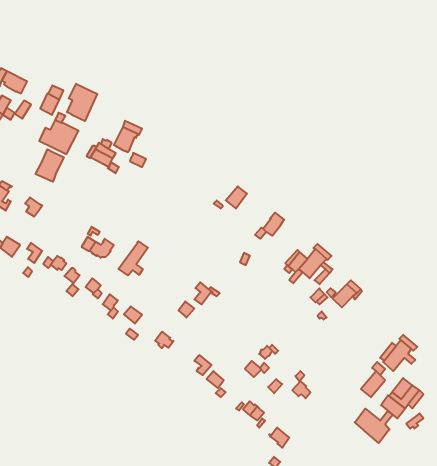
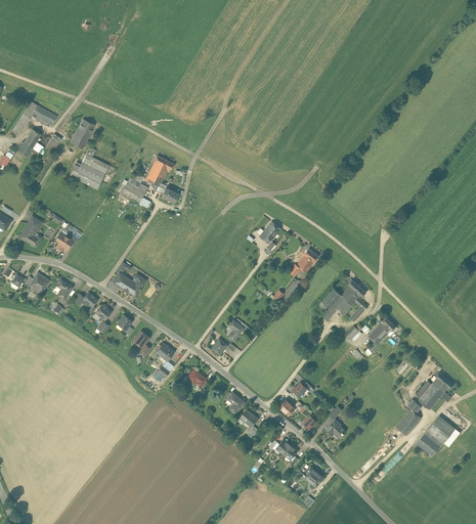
building: [67,84,97,121] -> none
building: [36,149,64,182] -> none
building: [118,241,148,275] -> none
building: [355,409,393,443] -> none

